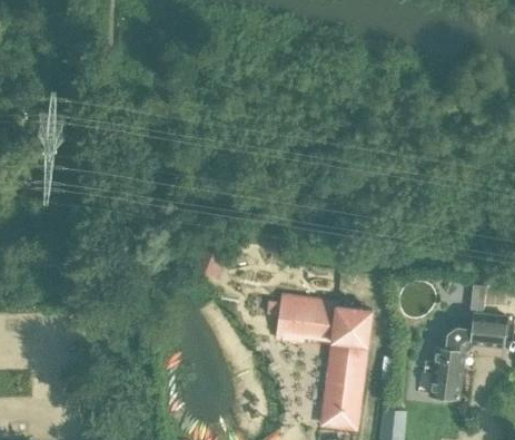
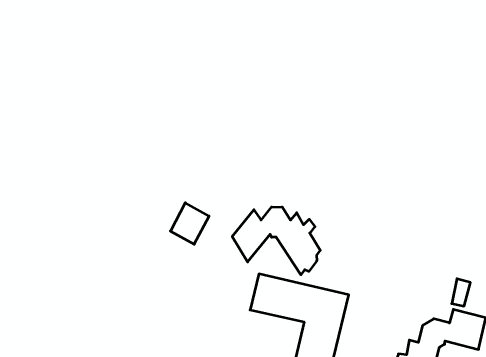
building: none -> [232,207,320,275]

